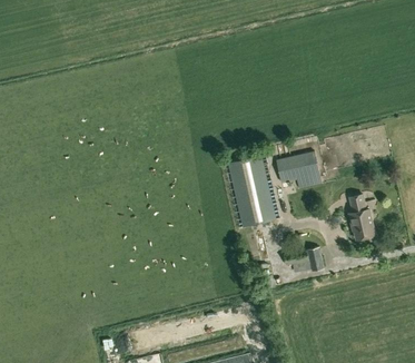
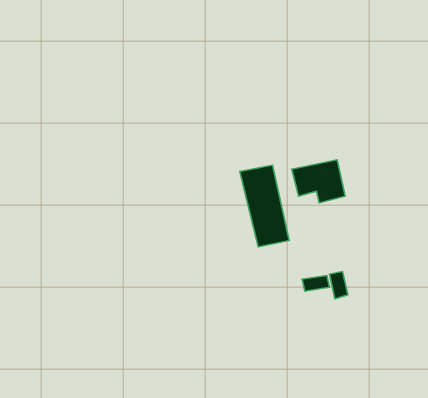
building: [348,195,375,241] -> none

